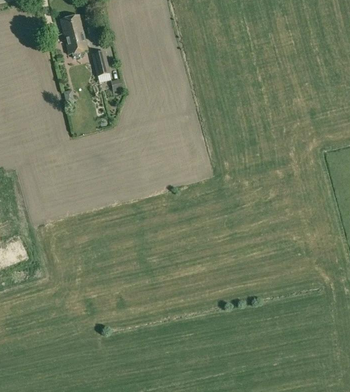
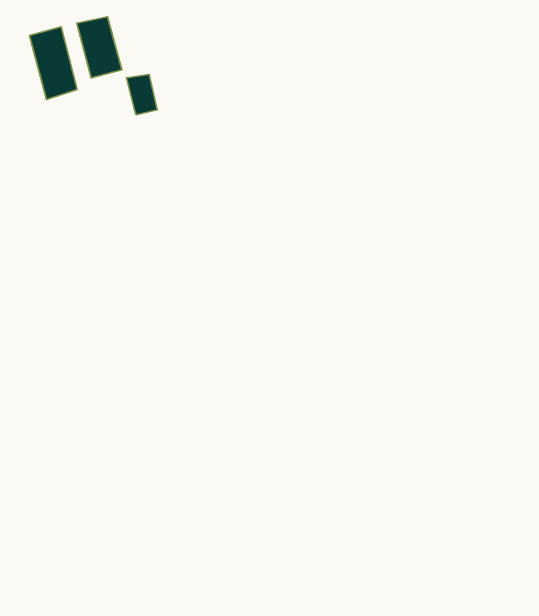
building: none -> [29,27,77,100]

